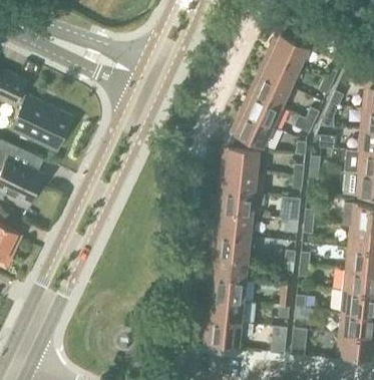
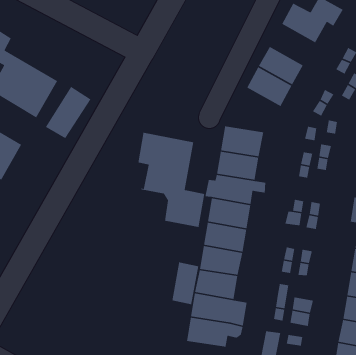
building: [259,52,300,87] -> none
building: [231,111,273,146] -> none
building: none -> [45,86,91,139]
building: none -> [137,132,205,228]
building: none -> [171,262,199,305]

